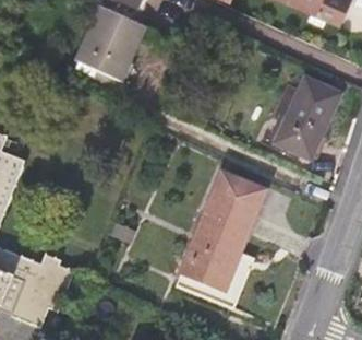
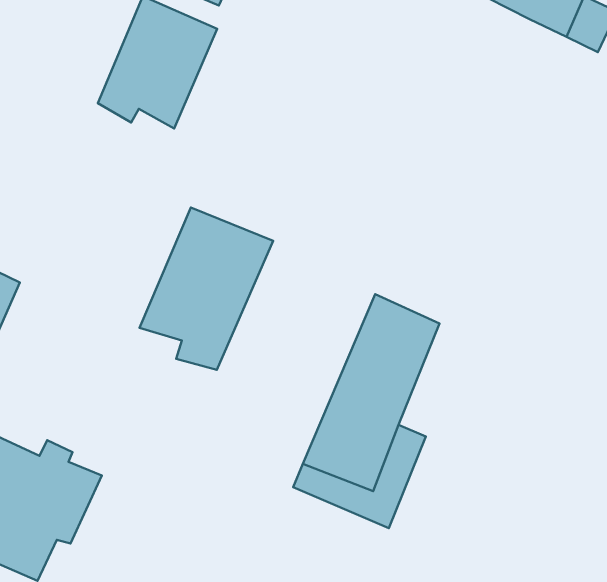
building: [279,82,341,157] -> none
building: none -> [140,207,273,370]

